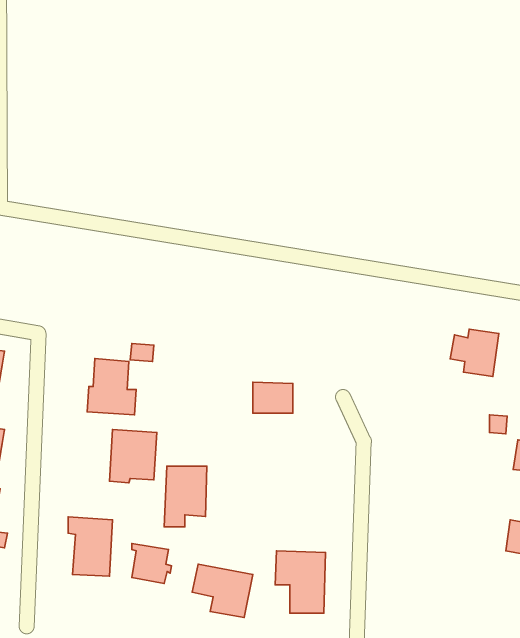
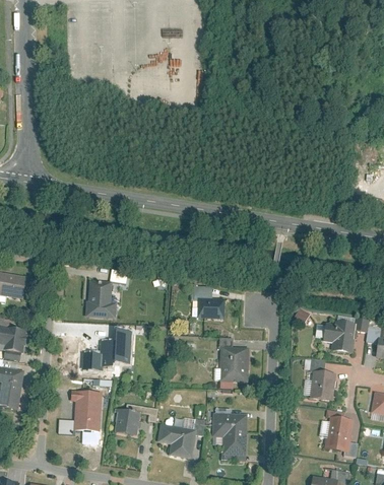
building: [450,329,499,376] -> [322,320,356,352]
building: [164,466,207,527] -> [219,347,249,389]
building: none -> [309,369,335,400]
building: none -> [324,415,354,452]

